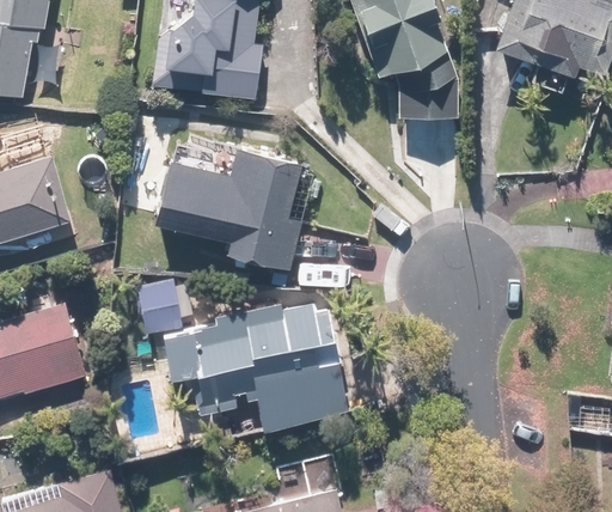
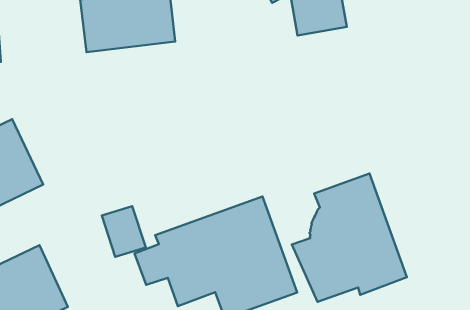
building: [160,151,311,269] -> none
building: none -> [292,173,407,302]

